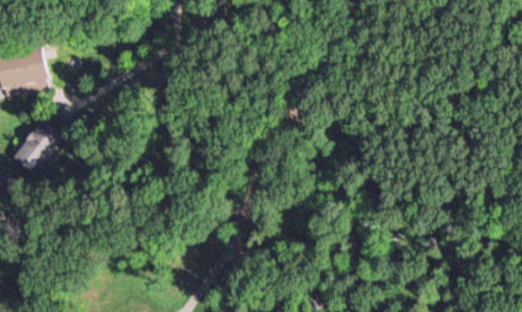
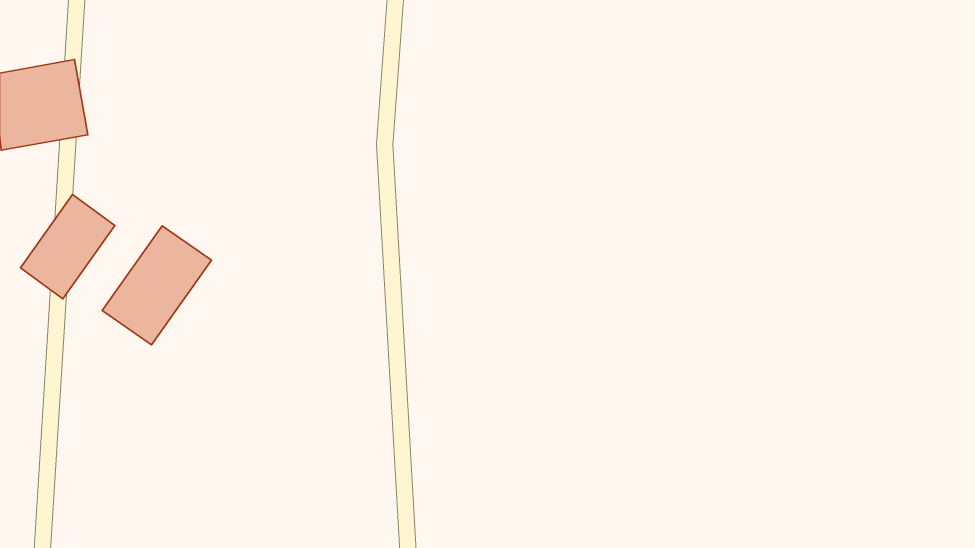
building: none -> [102,226,212,345]

